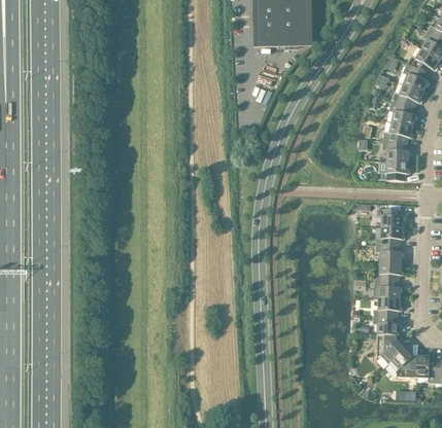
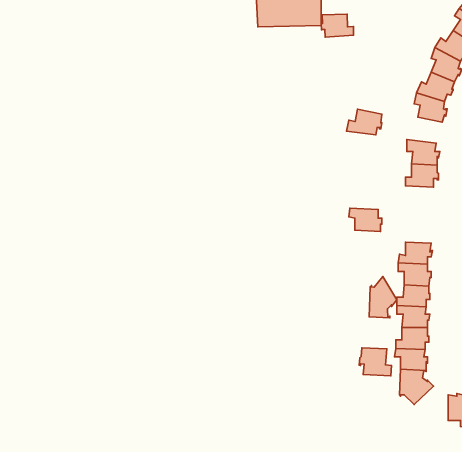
building: none -> [321,14,354,37]
building: [384,121,414,143] -> [347,109,382,135]
building: [378,208,406,227] -> [349,208,382,231]
building: none -> [369,277,397,318]
building: none -> [359,348,392,376]
building: [390,348,419,377] -> none

